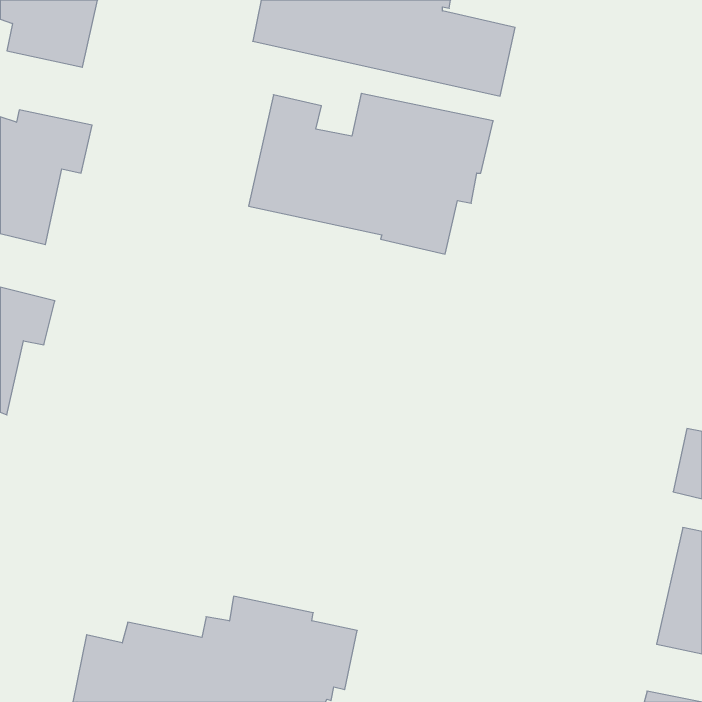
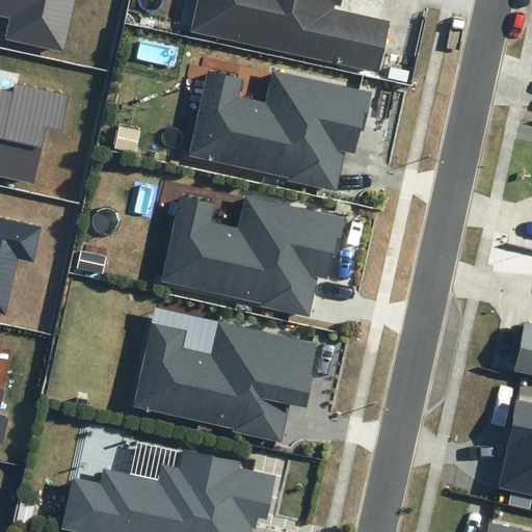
building: none -> [160,195,346,318]
building: none -> [133,320,319,442]

